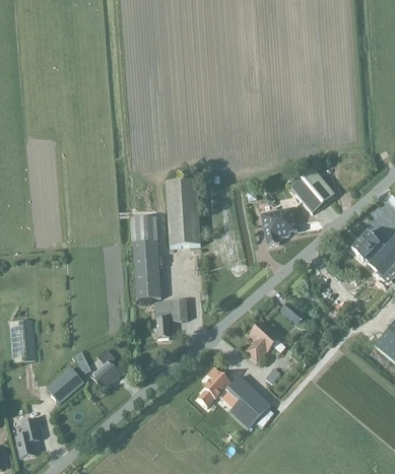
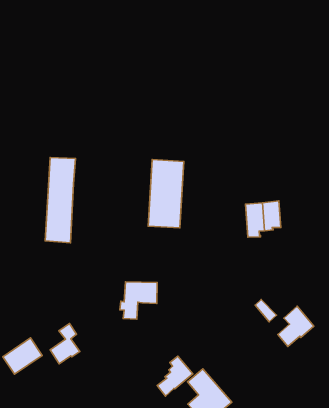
building: [290,167,335,213] -> none
building: [132,216,161,298] -> [45,158,75,243]
building: [246,321,279,360] -> [278,306,314,346]

